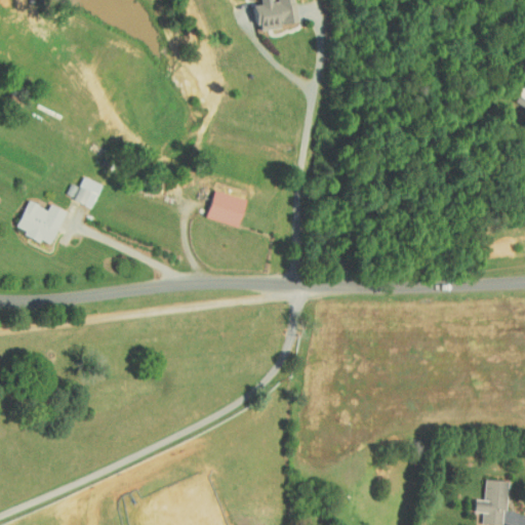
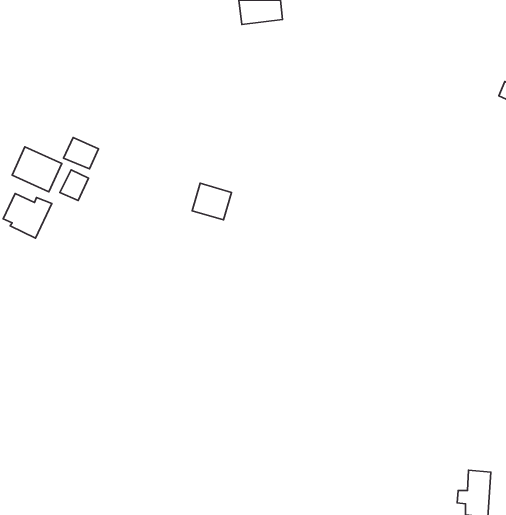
building: none -> [63,137,98,169]
building: none -> [12,147,62,192]

